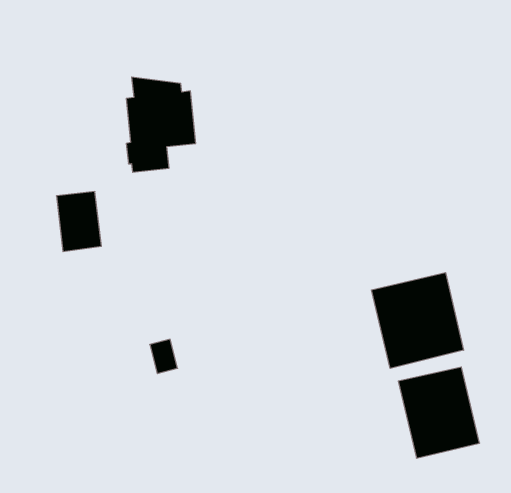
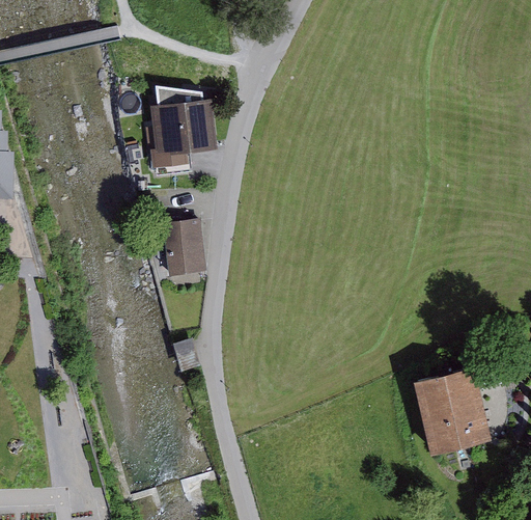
building: [56,192,101,252] -> [162,219,205,277]
building: [372,273,464,368] -> none

